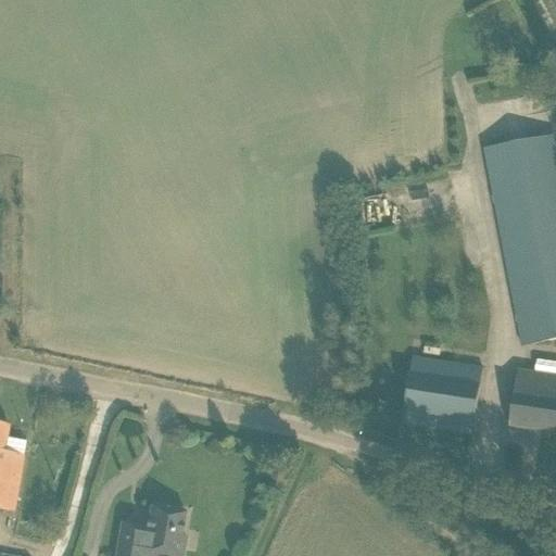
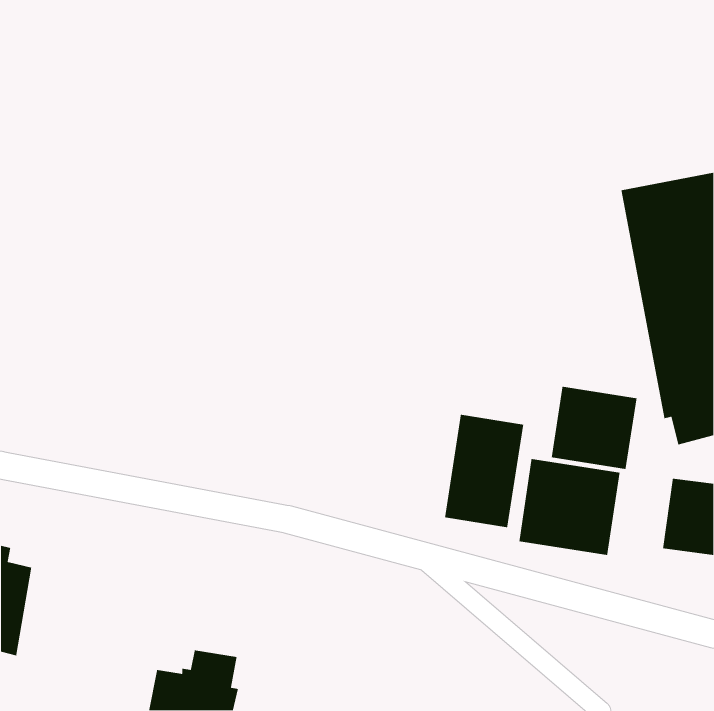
building: none -> [551,386,638,470]
building: none -> [444,414,524,528]

